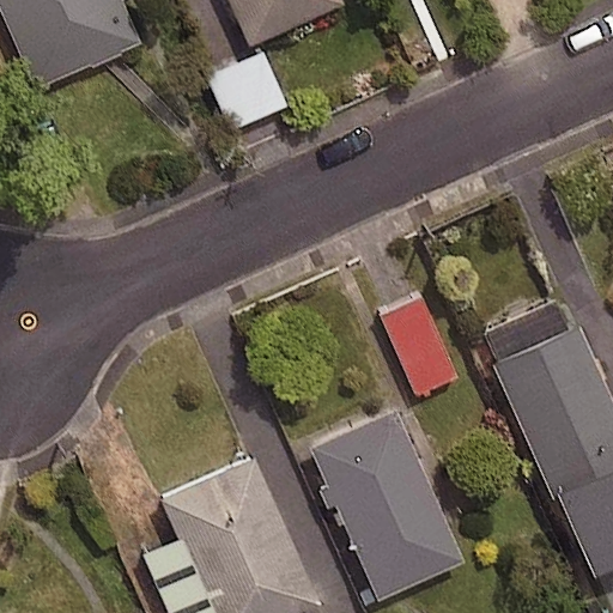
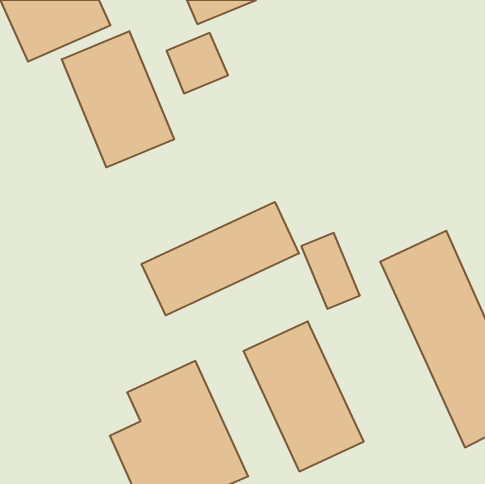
building: none -> [62,31,174,167]
building: none -> [142,202,299,315]

